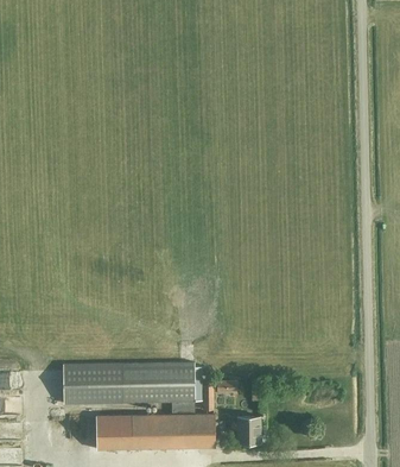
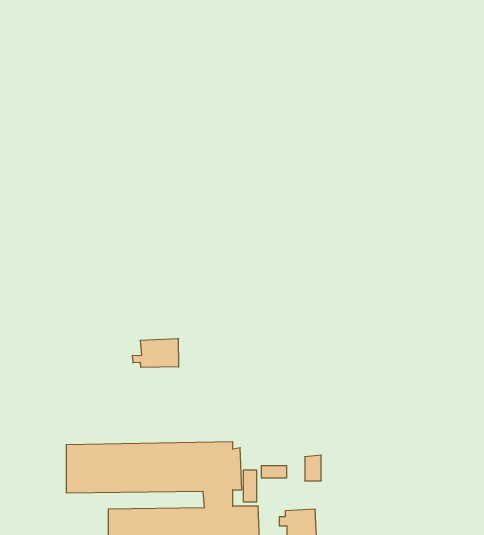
building: none -> [132,338,179,367]

